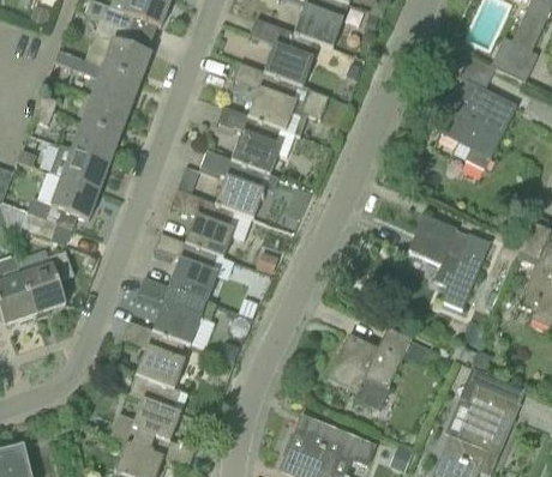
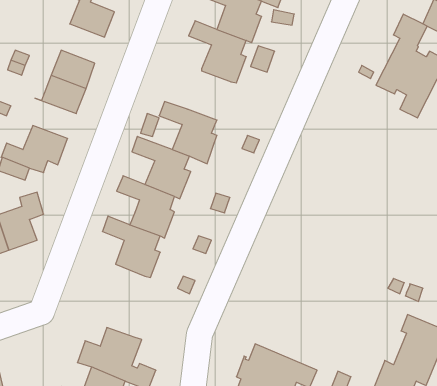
building: [53,50,139,109] -> none
building: [216,107,278,174] -> none
building: [48,146,108,192] -> none
building: [407,215,488,309] -> none
building: [120,321,184,410] -> none
building: [326,328,427,410] -> none

